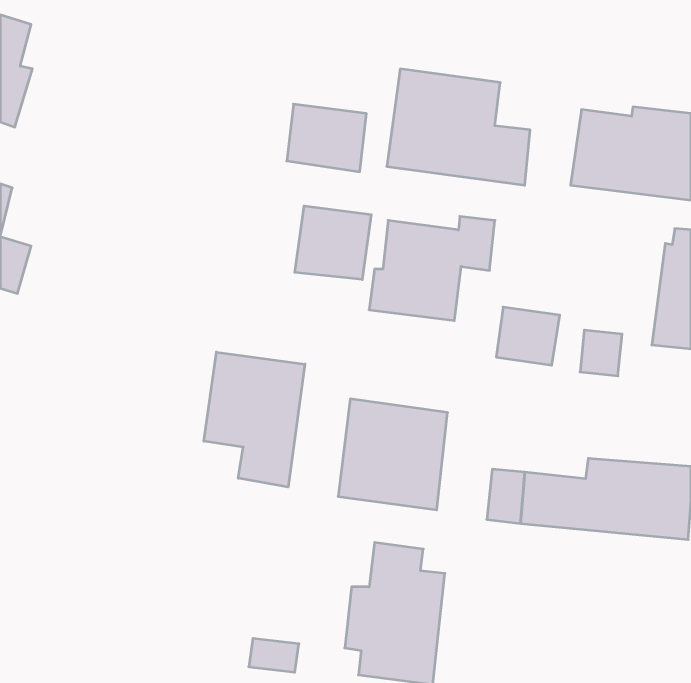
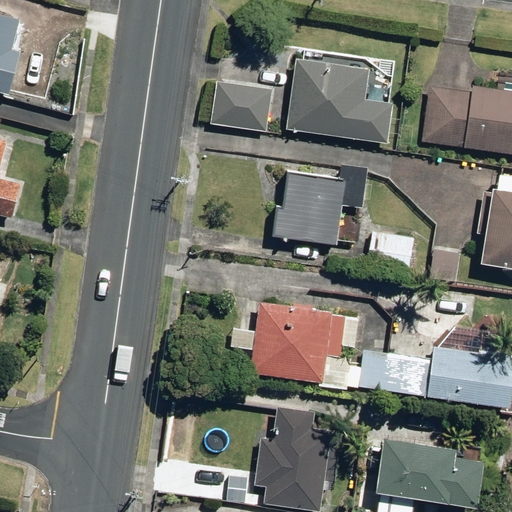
building: [295,206,371,280] -> none
building: [204,352,305,487] -> none
building: none -> [378,435,482,500]

